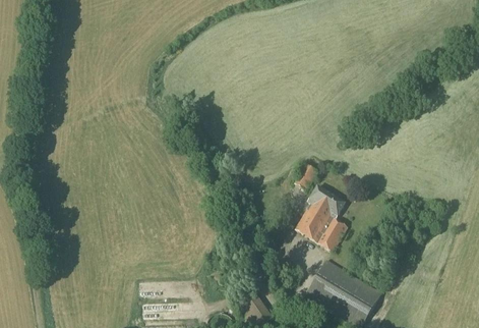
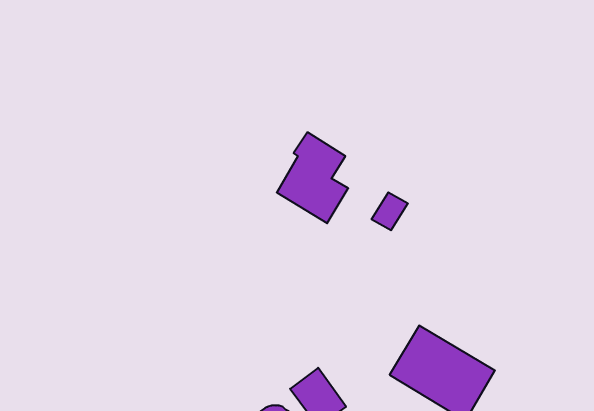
building: [295,185,347,252] -> [277,132,348,223]

